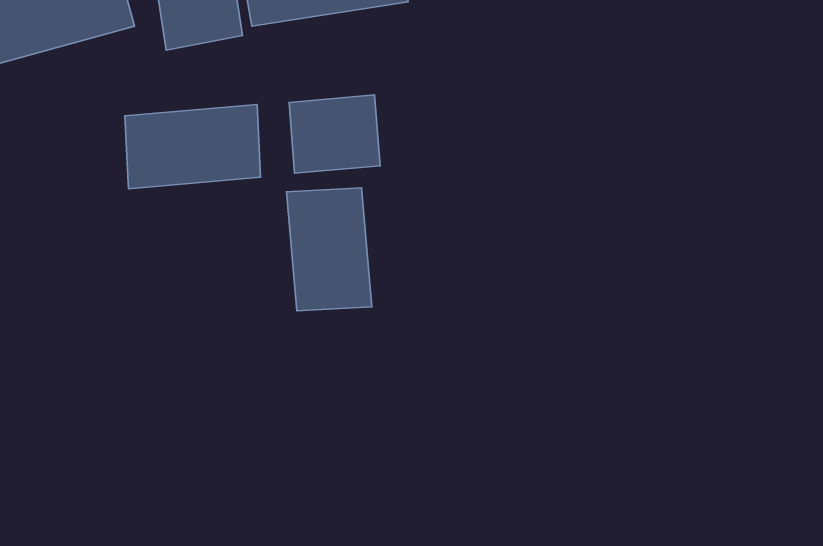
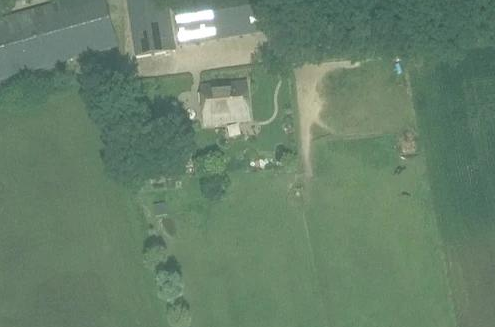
building: [125,104,261,189] -> none
building: [286,188,372,311] -> none

